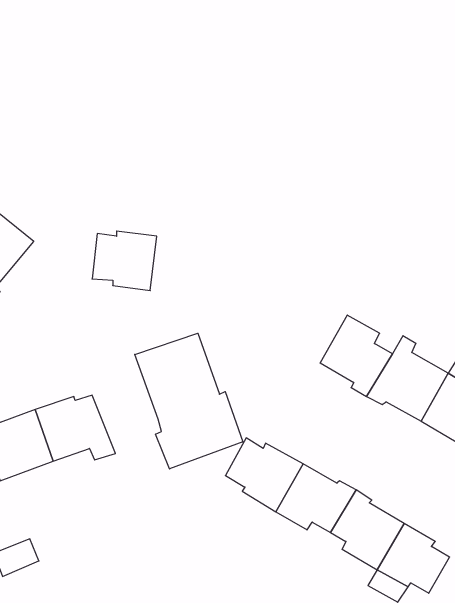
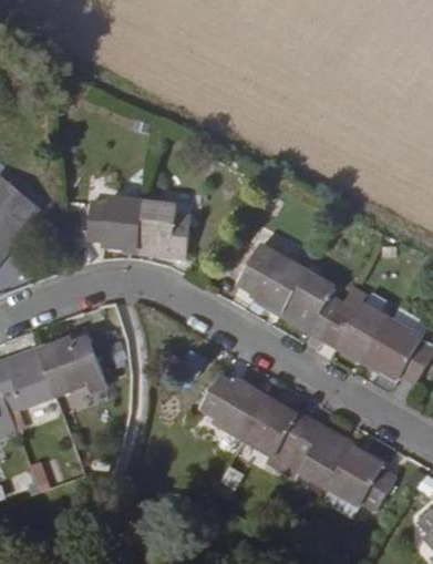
building: none -> [137,203,193,258]
building: none -> [238,246,306,311]
building: [135,333,243,469] -> none

